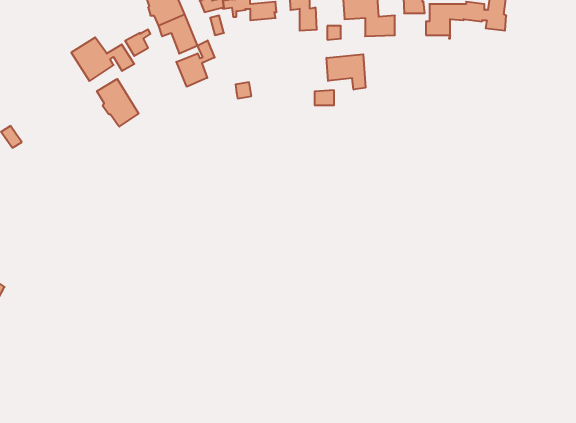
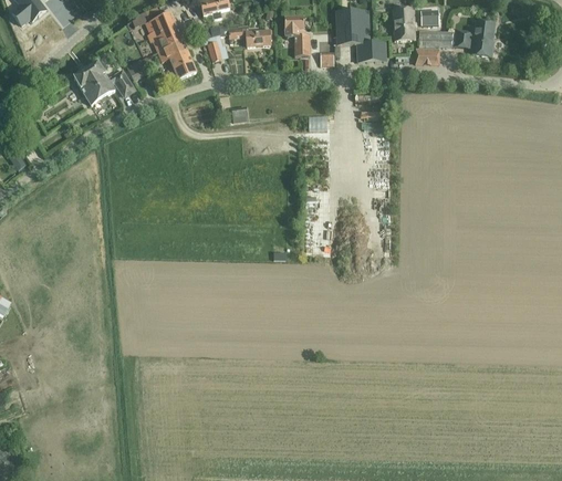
building: [176,40,215,87] -> none
building: [327,54,365,90] -> none
building: [97,79,139,127] -> none

